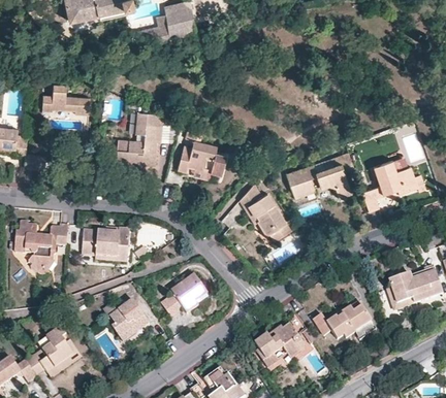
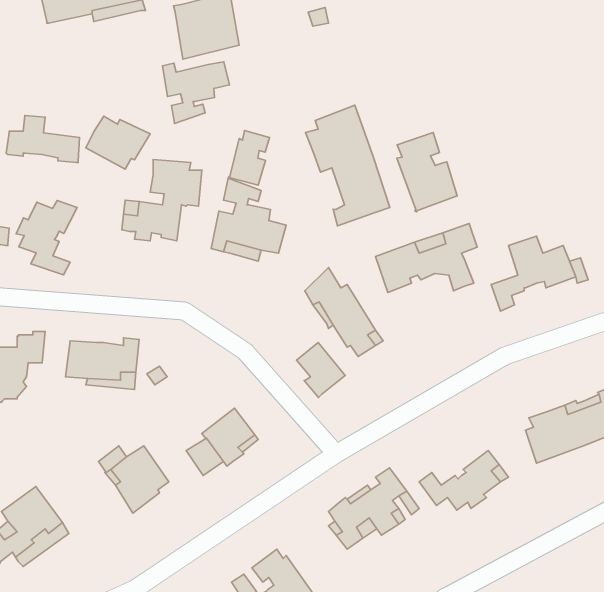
building: none -> [162,62,230,123]
building: none -> [306,105,390,226]
building: none -> [86,116,150,169]
building: none -> [228,131,270,185]
building: none -> [397,132,457,212]
building: none -> [16,200,77,275]
building: none -> [296,342,345,397]

